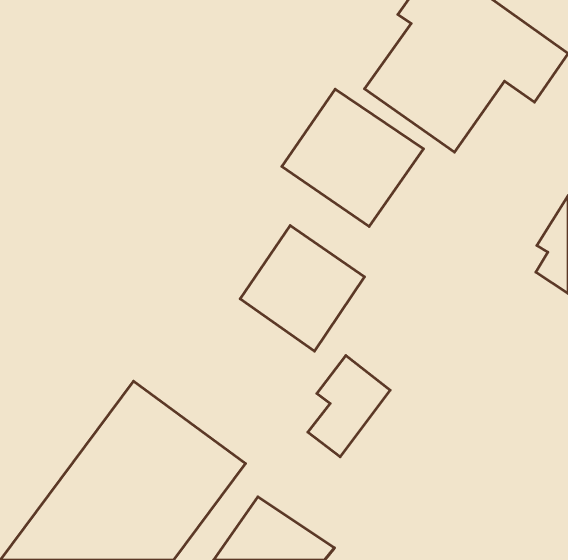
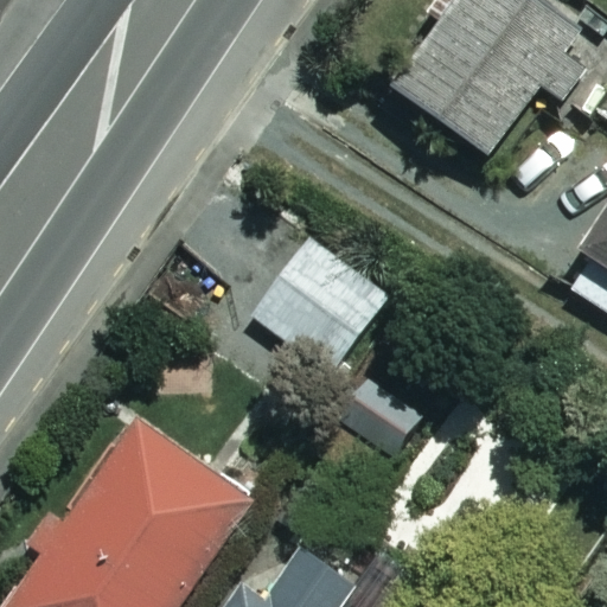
building: [282,89,424,226] -> none

